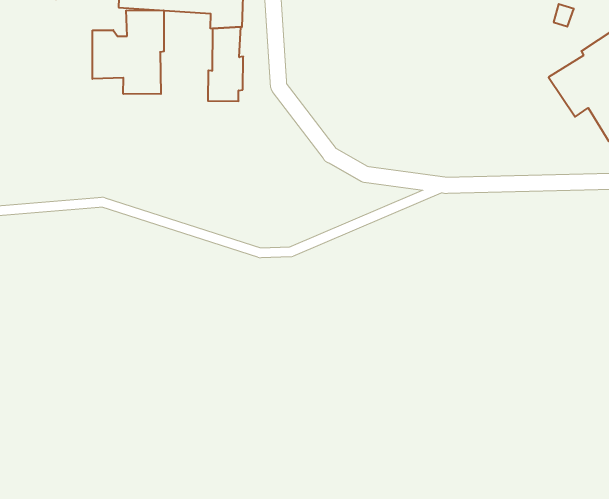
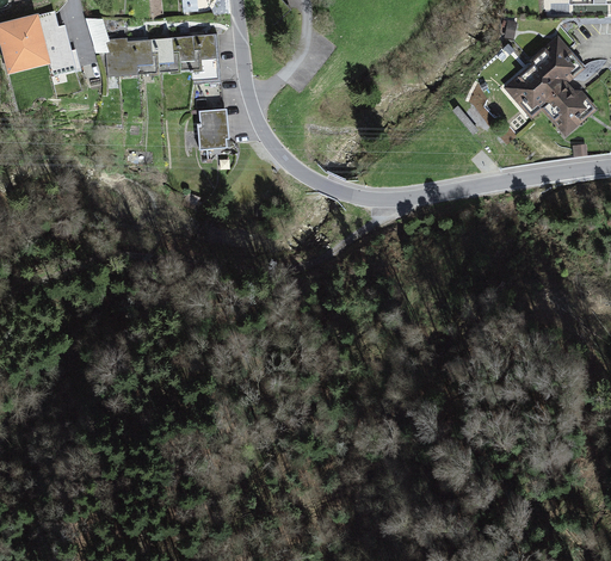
building: [92,10,164,94] -> none

